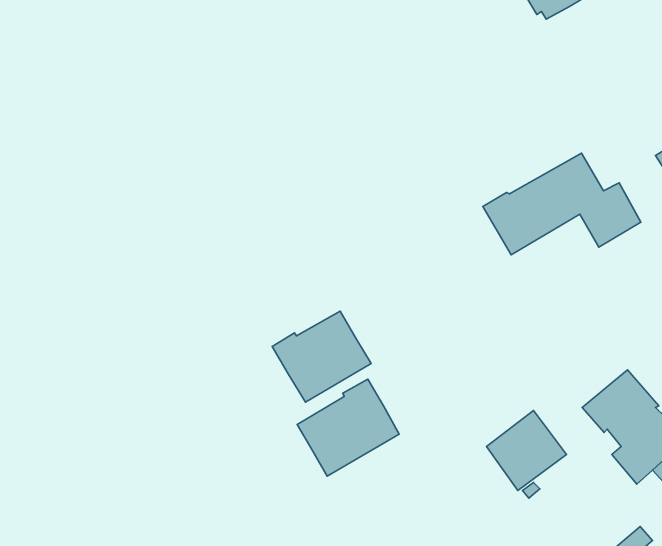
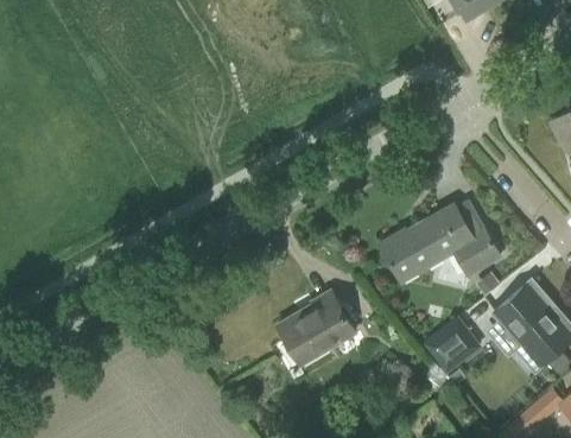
building: [483,153,641,255] -> [381,203,501,280]
building: [272,311,371,402] -> none

